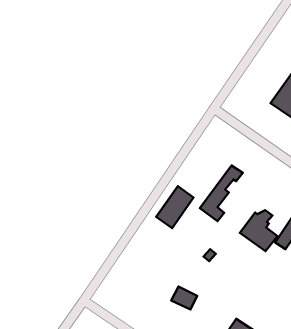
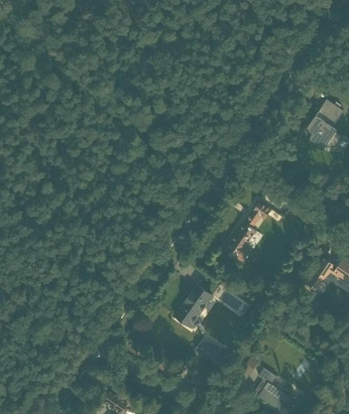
building: [156,186,194,228] -> [174,284,215,329]
building: [240,210,277,251] -> none

